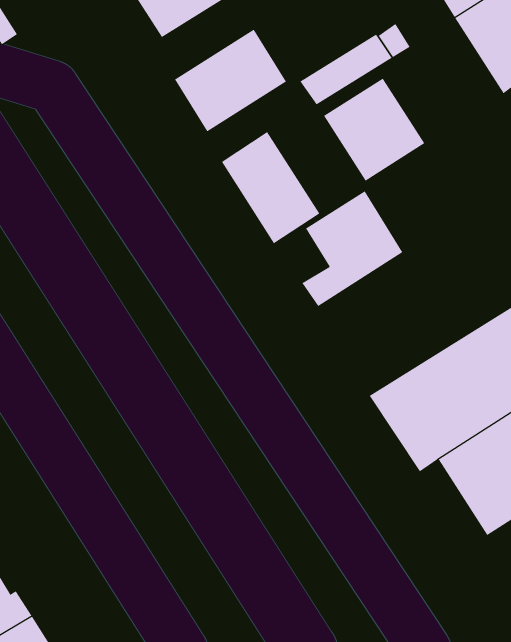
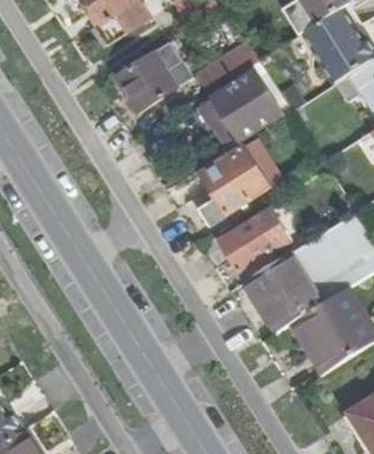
building: [221,131,320,244] -> none
building: none -> [219,208,288,271]

